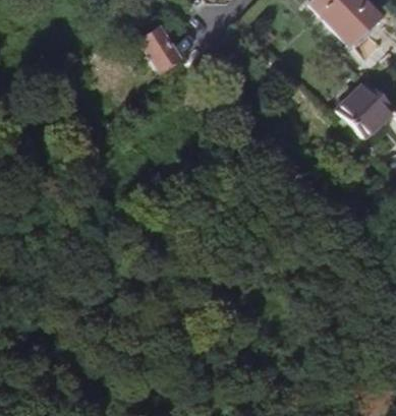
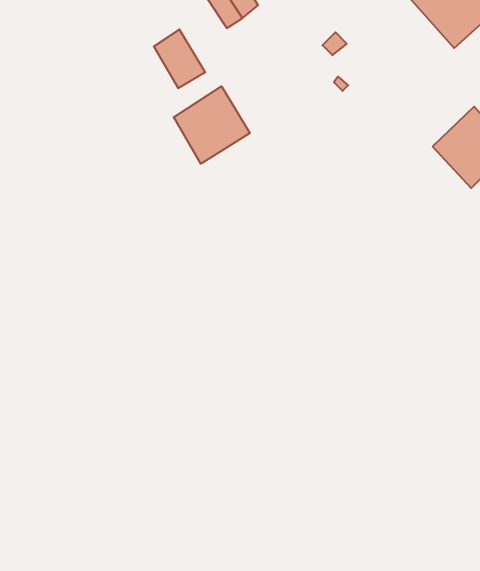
building: none -> [174,86,250,164]

